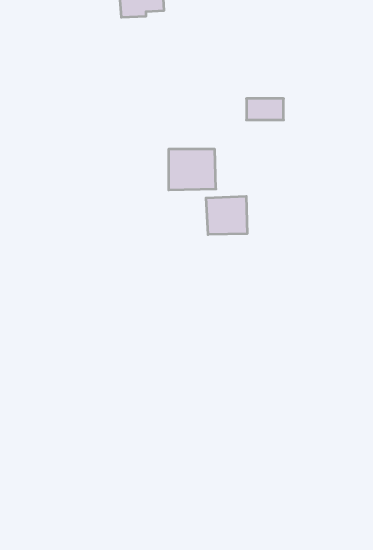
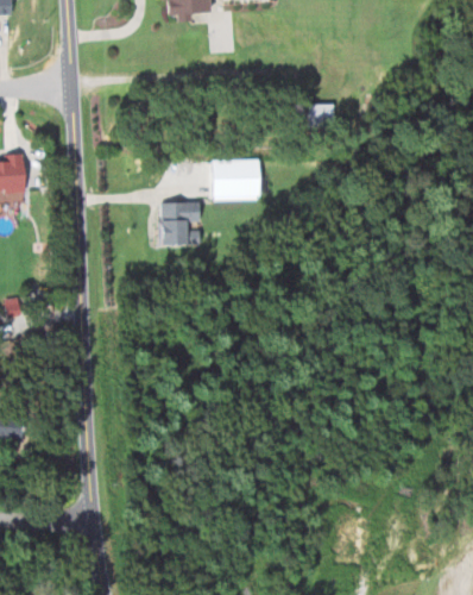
building: none -> [160,203,198,244]
building: [206,196,247,235] -> none

